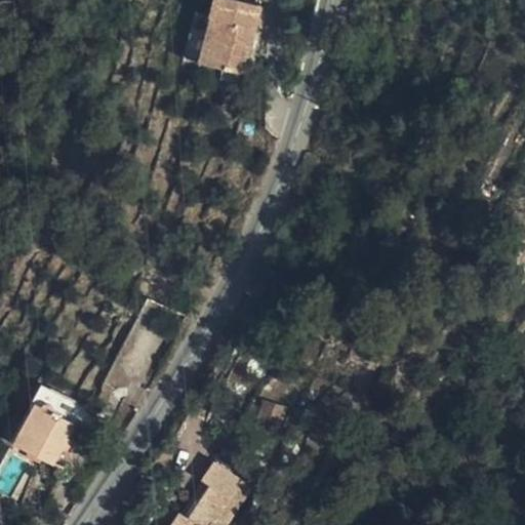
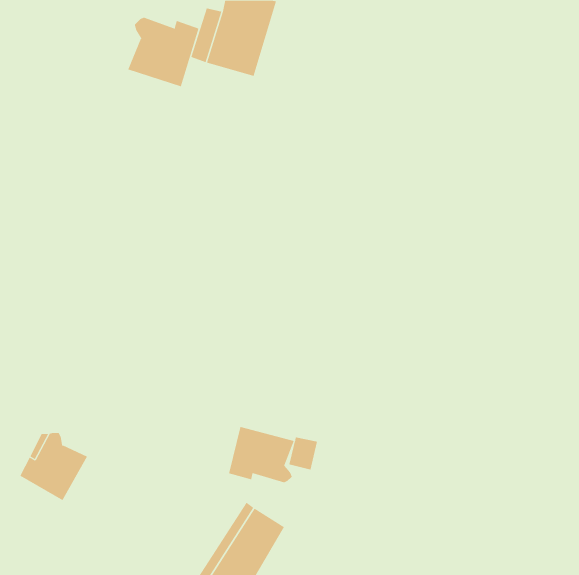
building: none -> [128,17,199,87]
building: none -> [228,426,294,483]

